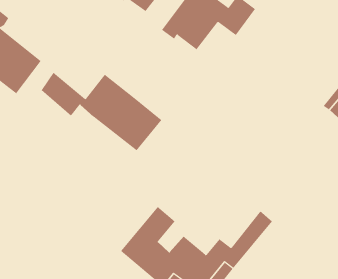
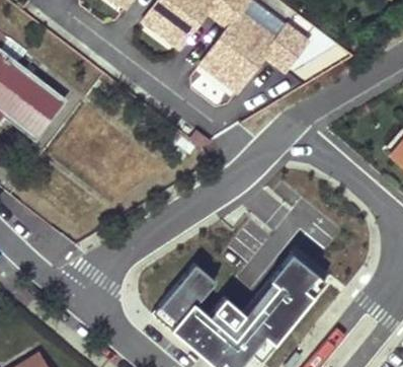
building: [41,72,162,151] -> none
building: none -> [244,252,313,318]

